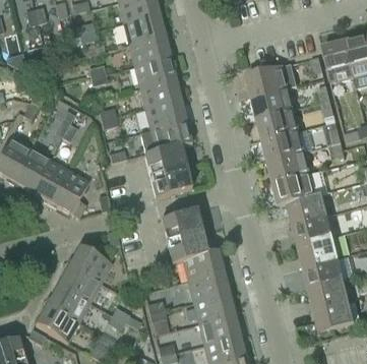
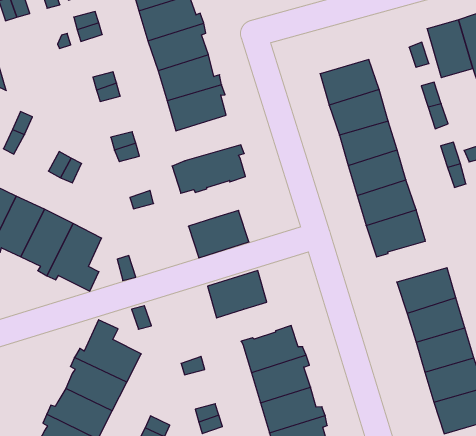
building: [144,99,189,129] -> none
building: [144,144,185,175] -> none
building: [288,191,328,222] -> none
building: [166,231,206,262] -> none

